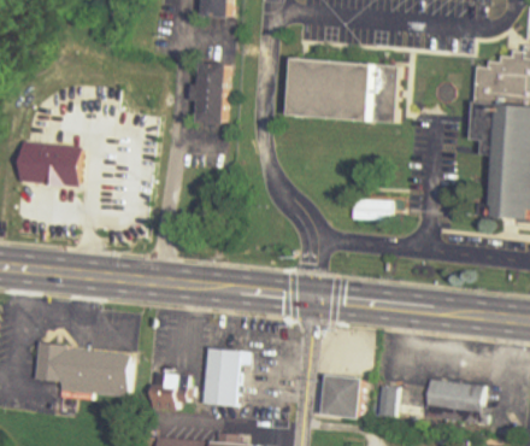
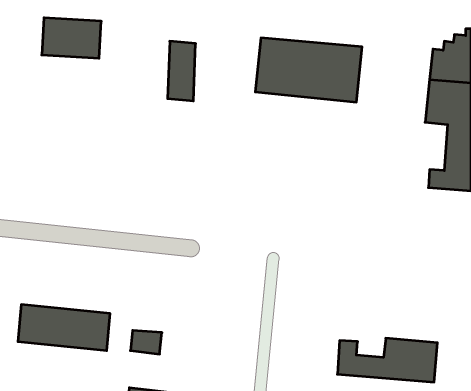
building: [20,137,84,181] -> [42,18,101,58]
building: [348,200,387,221] -> none
building: [201,350,246,412] -> none
building: [322,375,364,422] -> none

